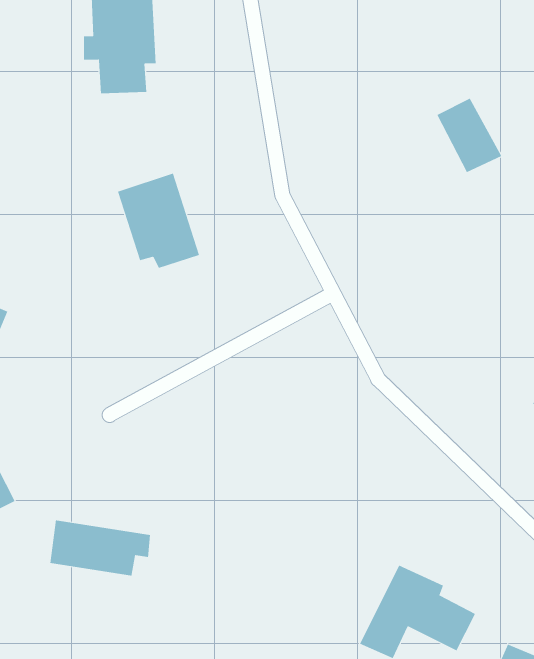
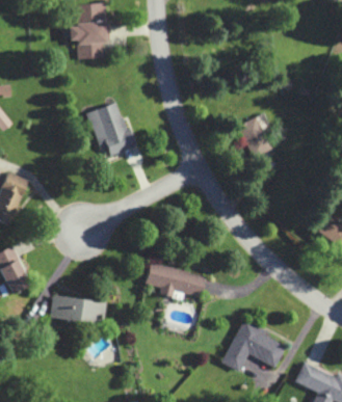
building: [436,98,502,173] -> [236,116,272,158]
building: none -> [146,263,205,299]

